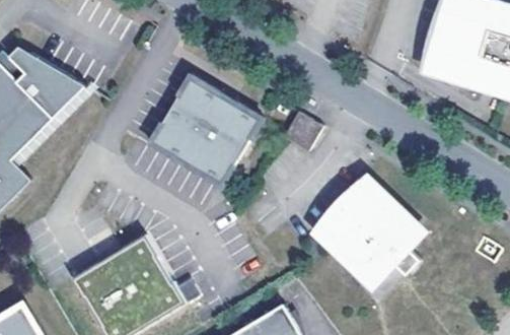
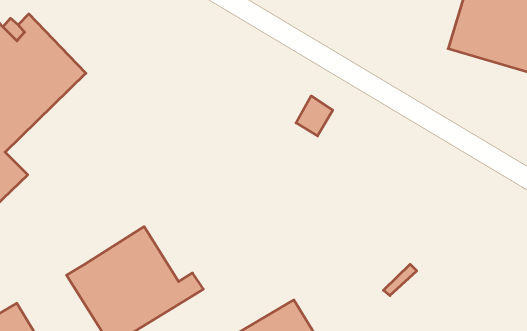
building: [150,76,266,189] -> none
building: [317,179,422,283] -> none

